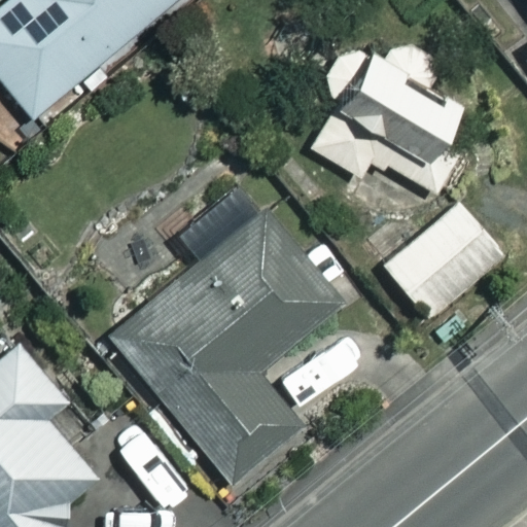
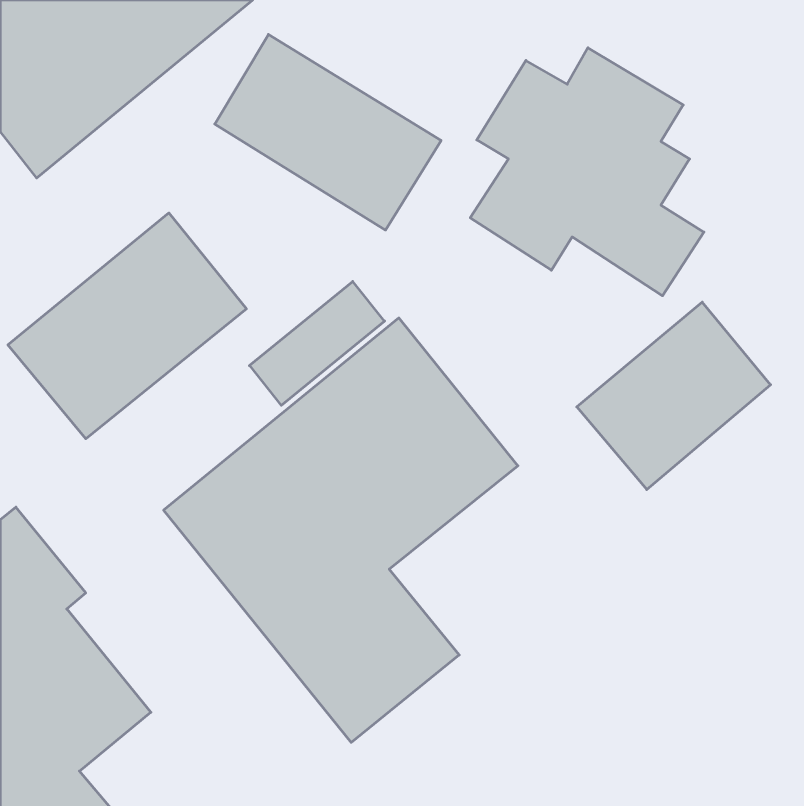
building: none -> [215,34,441,230]
building: none -> [8,213,246,439]

